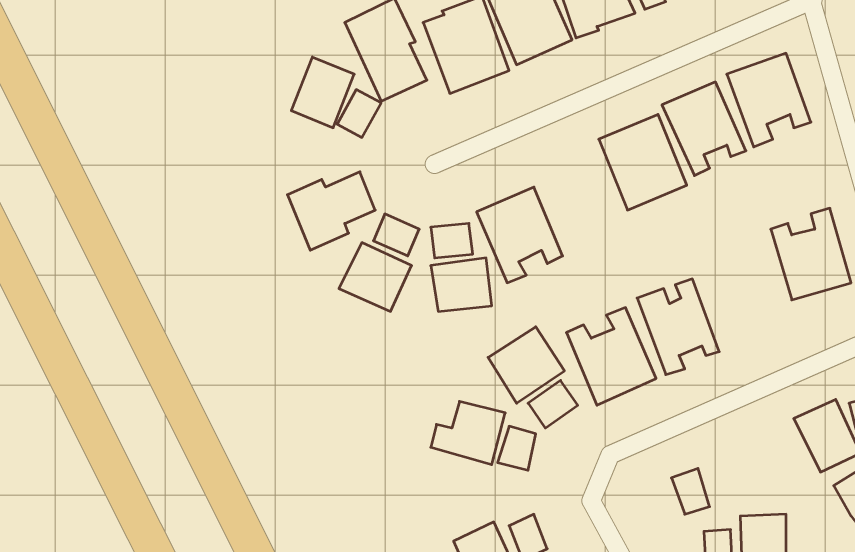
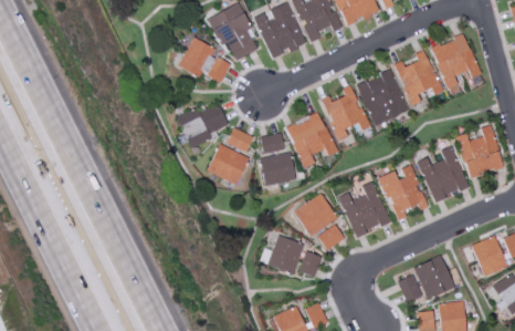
building: none -> [322,84,369,139]
building: none -> [418,146,469,201]
building: none -> [414,256,453,298]

